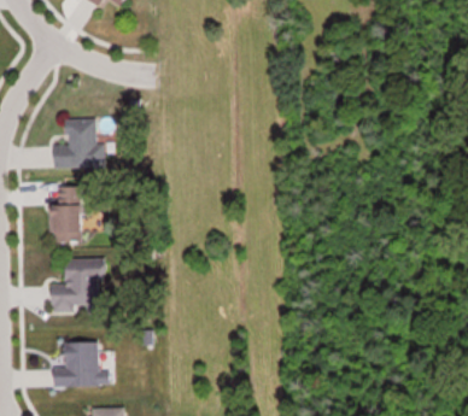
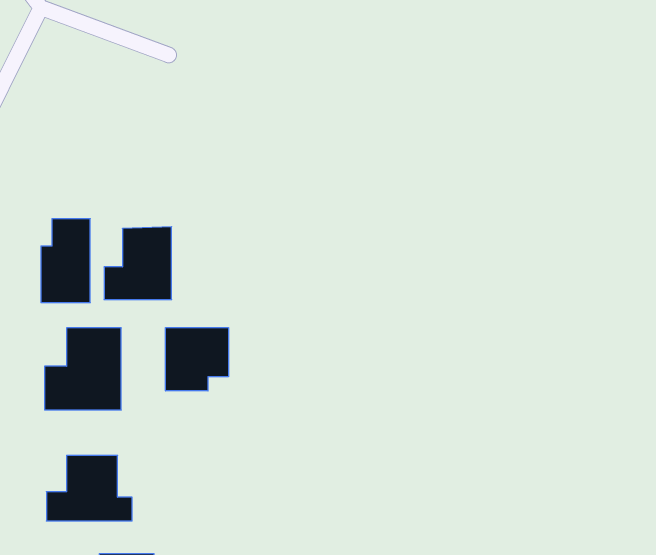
building: [53,118,98,166] -> [104,227,172,300]
building: none -> [166,328,228,391]

